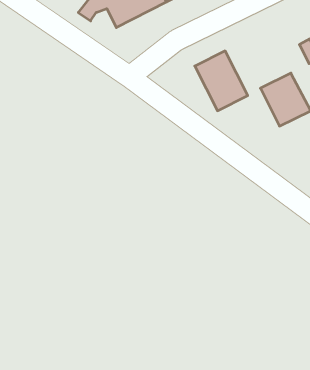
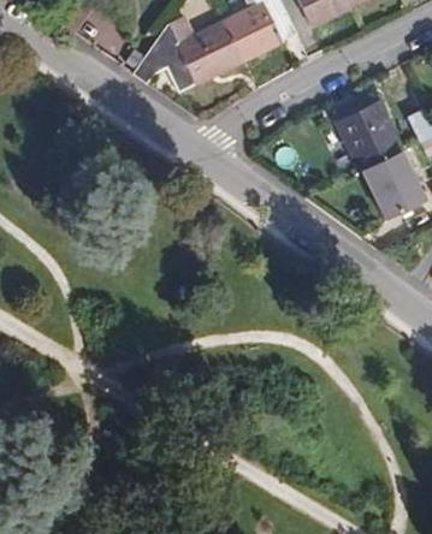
building: [195,51,248,111] -> [333,93,401,168]

